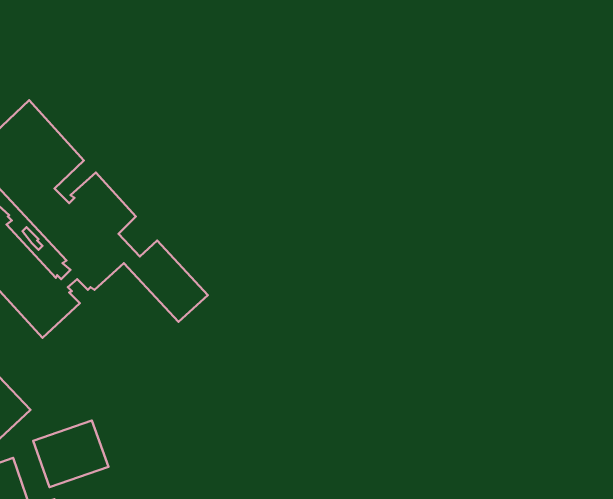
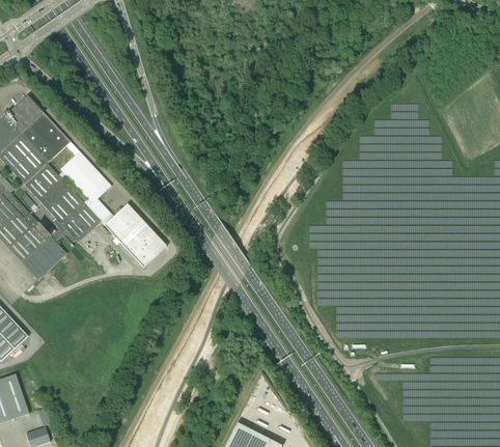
building: [33,420,109,487] -> none

